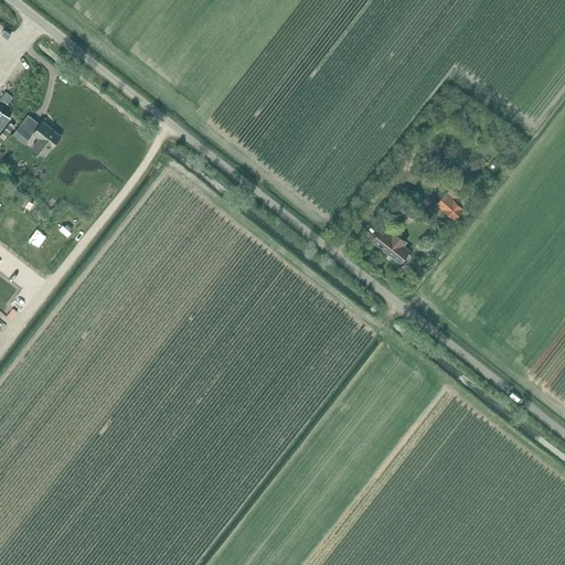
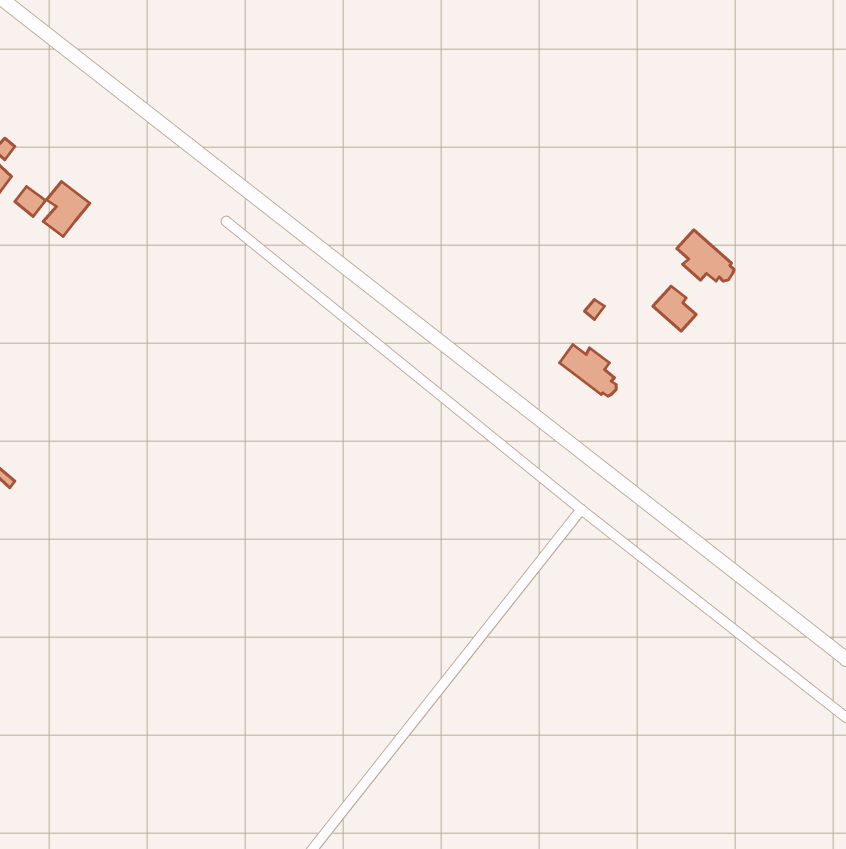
building: none -> [677,230,734,281]

